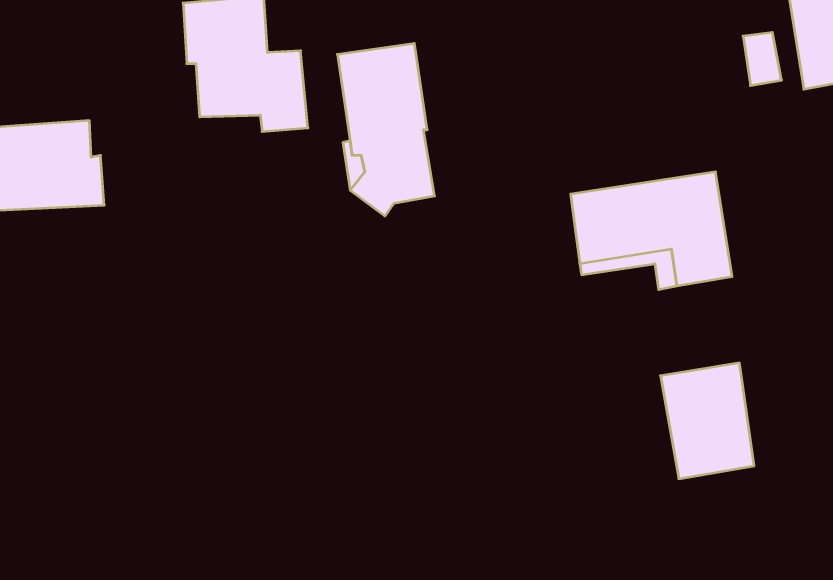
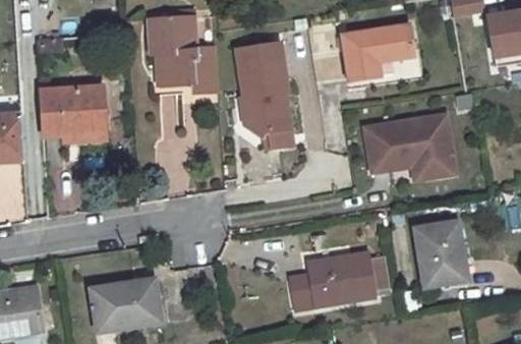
building: none -> [339,23,414,82]
building: none -> [288,252,373,309]
building: none -> [91,278,161,331]

